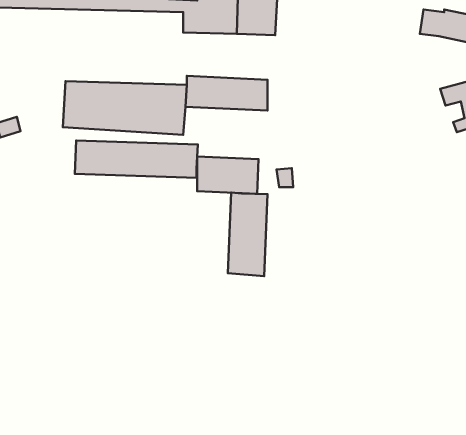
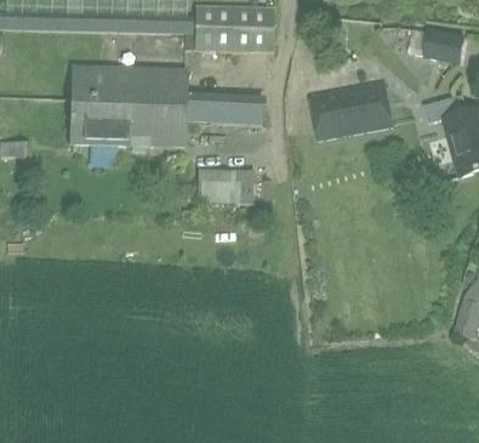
building: none -> [312,80,395,138]
building: [75,141,198,178] -> [72,66,188,101]
building: [228,193,268,276] -> none

